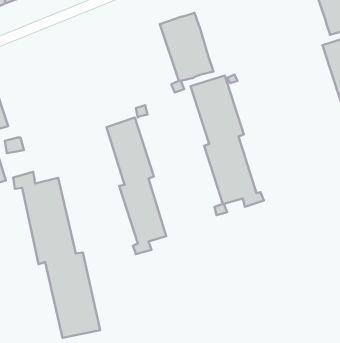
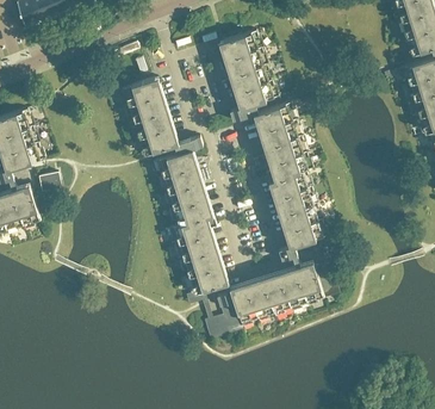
building: none -> [122,76,175,154]
building: [13,172,100,338] -> none
building: none -> [204,255,340,339]

